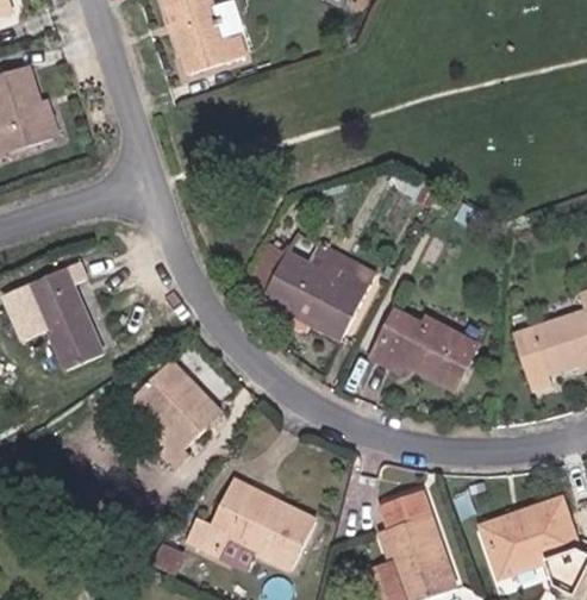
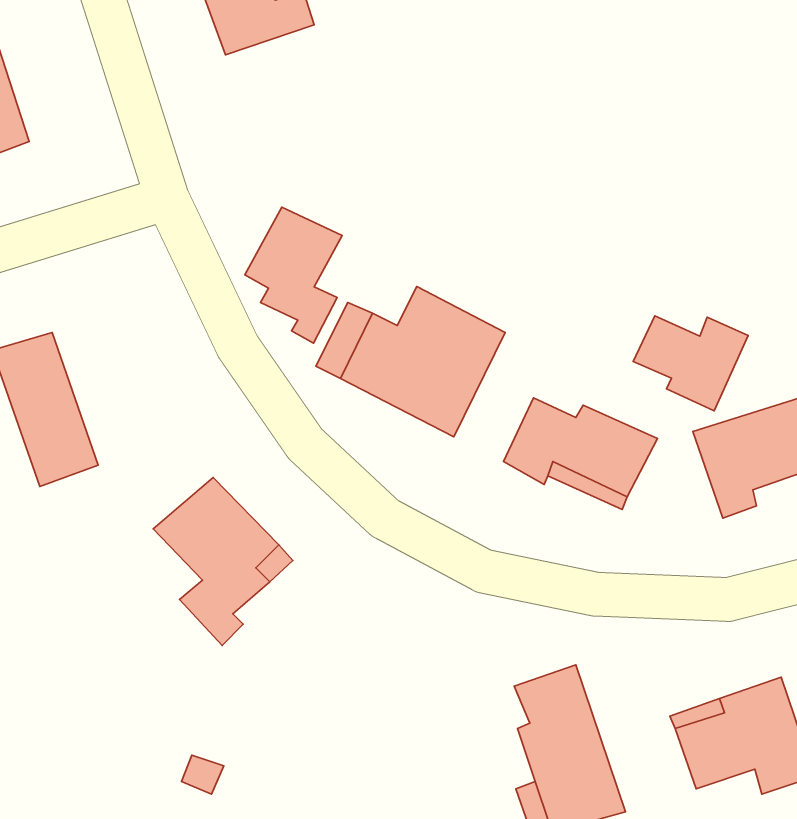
building: none -> [245,207,342,343]
building: none -> [633,316,748,411]
building: [187,479,317,569] -> none

